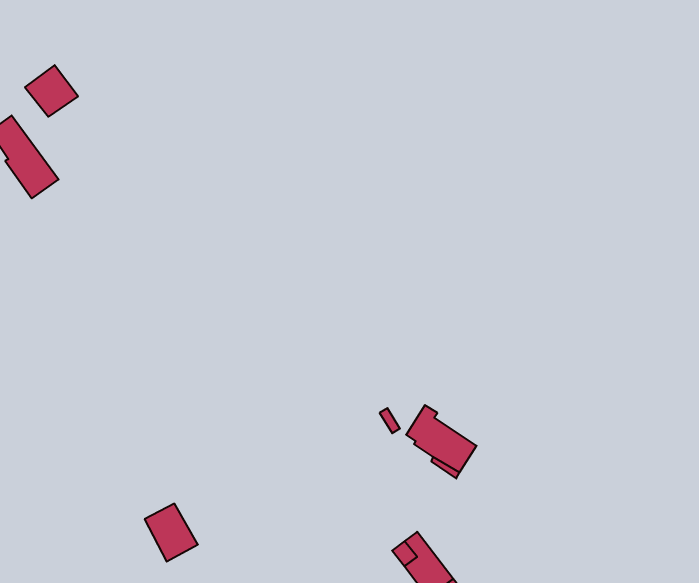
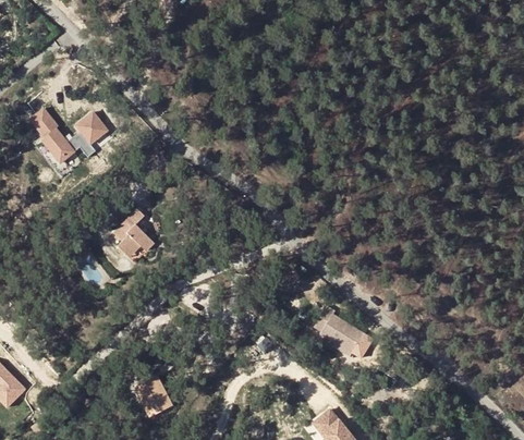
building: [25,65,78,117] -> [72,110,109,146]
building: none -> [113,210,154,266]

